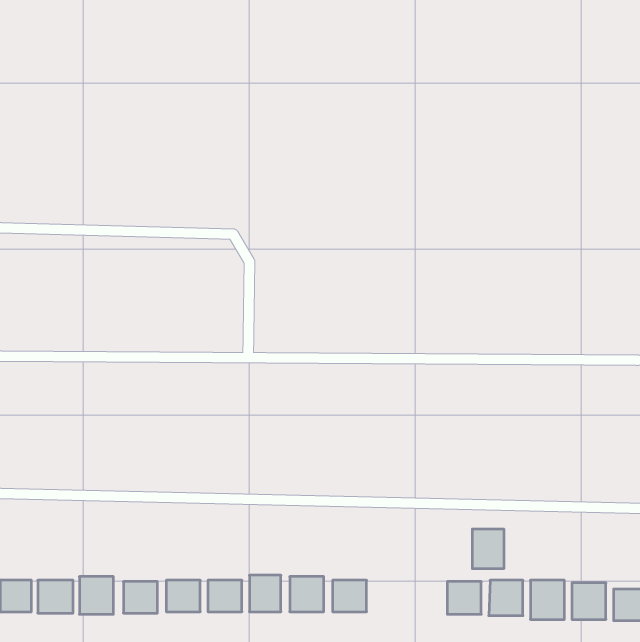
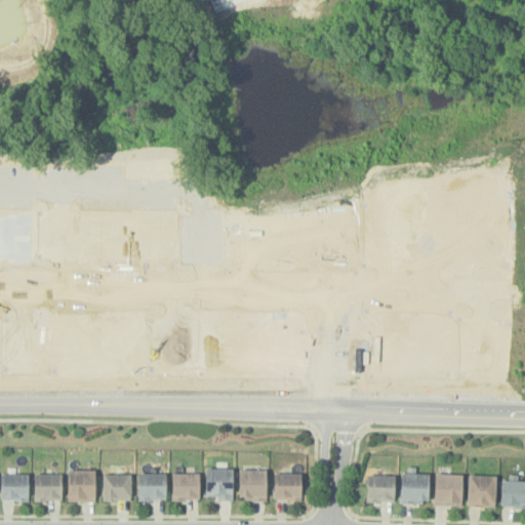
building: [472,529,504,569] -> none

